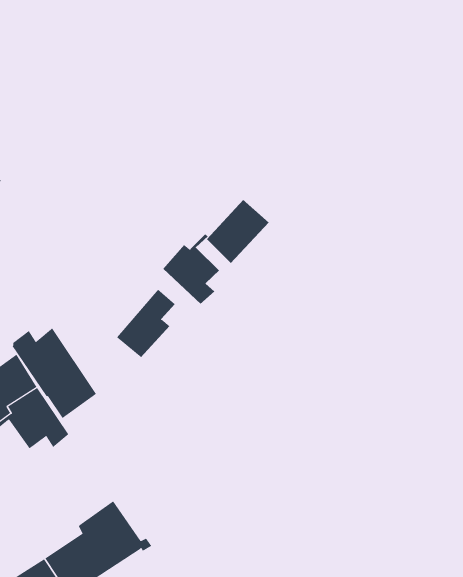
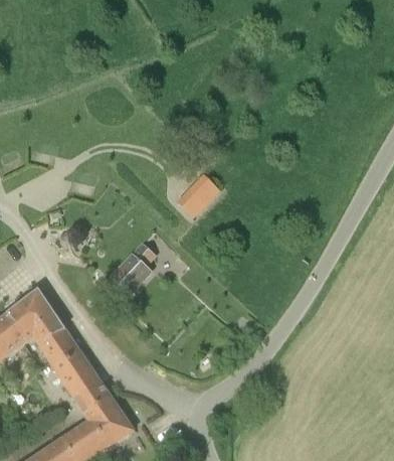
building: [162,233,220,304] -> none
building: [11,327,97,419] -> [46,348,109,415]

